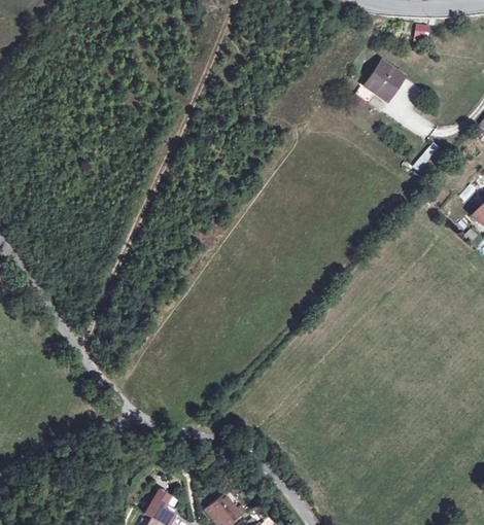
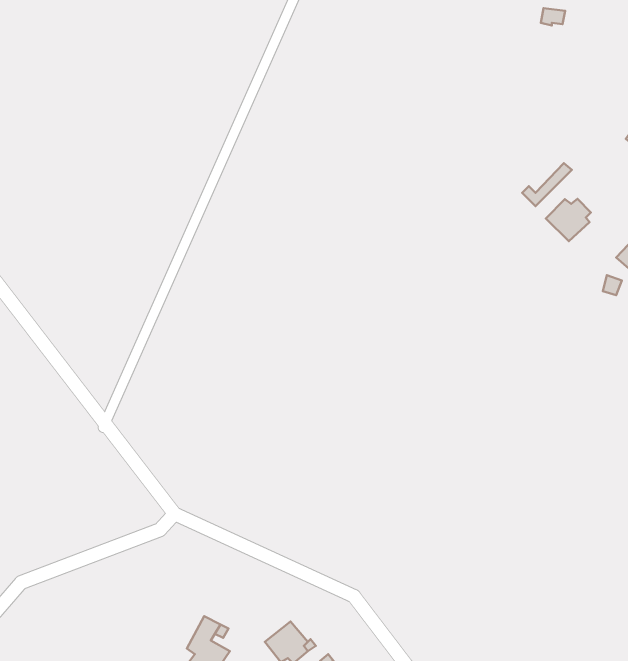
building: [356,61,405,103] -> none
building: none -> [546,199,591,241]

